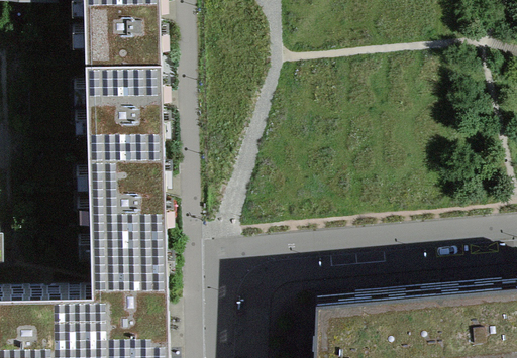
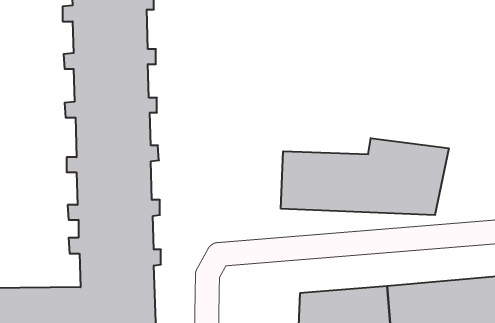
building: none -> [281,138,449,215]

